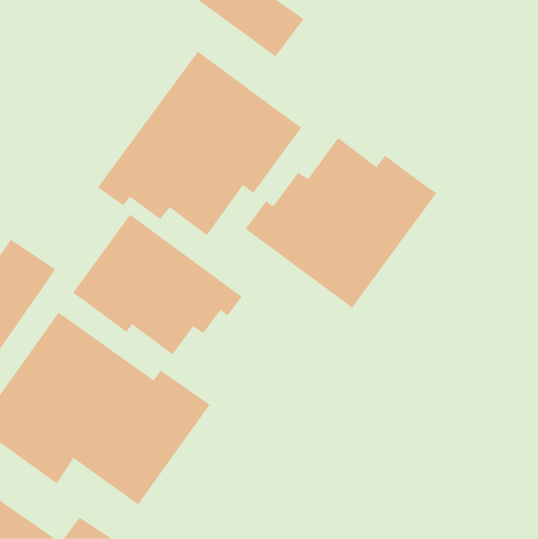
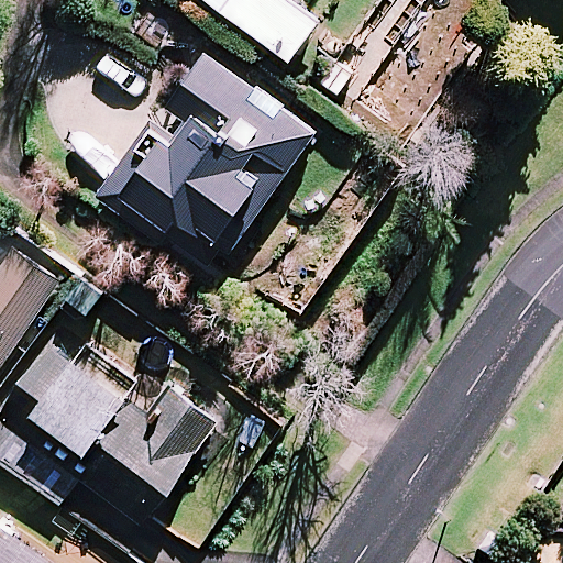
building: [245,137,437,308] -> none
building: [72,214,242,355] -> none

